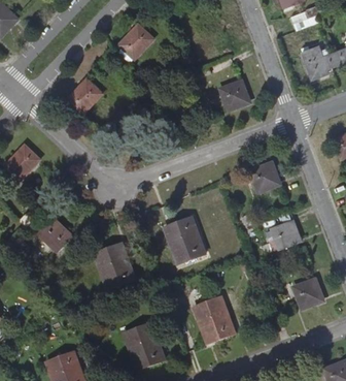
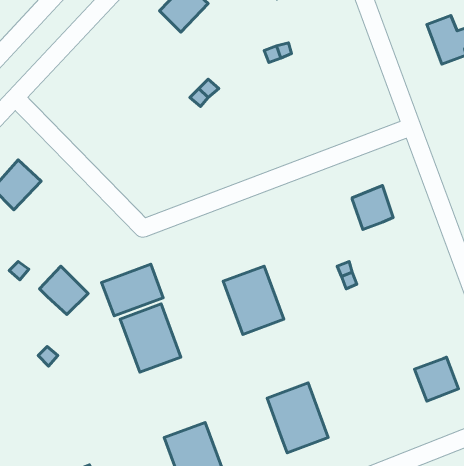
building: [69,78,102,113] -> none
building: [220,81,249,109] -> none
building: none -> [102,264,163,316]
building: [272,221,301,249] -> none

